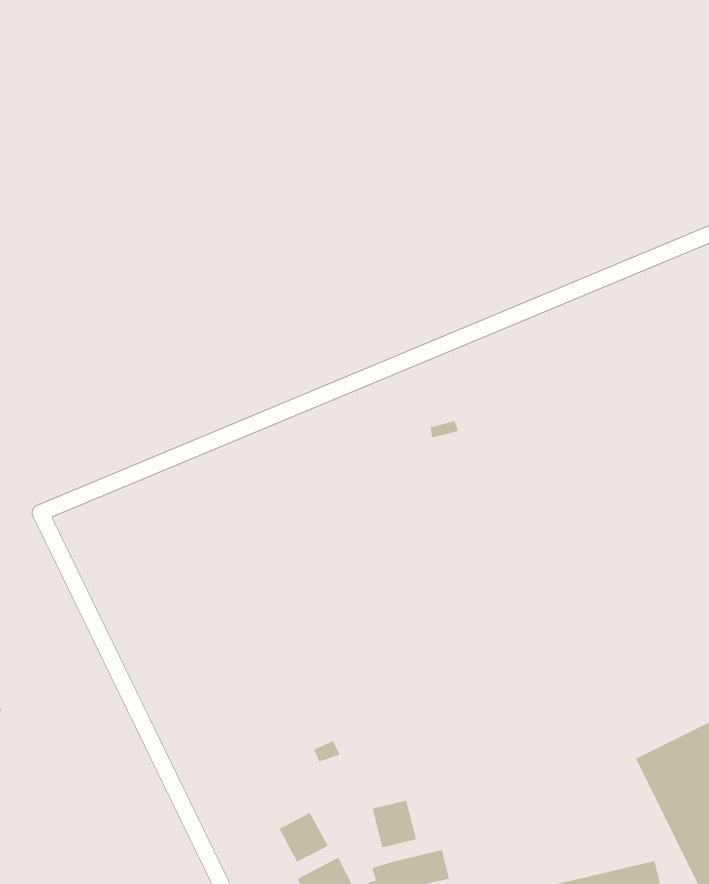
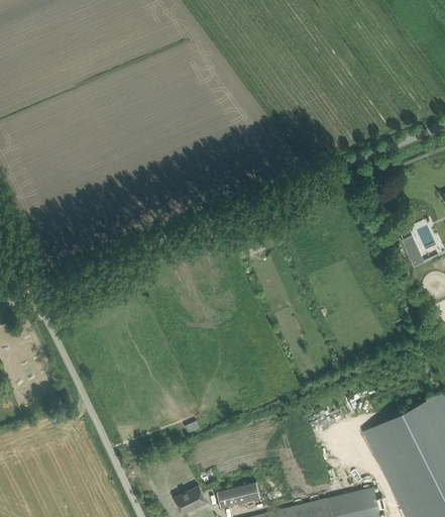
building: [372,800,417,848] -> none
building: [279,812,328,863] -> none

